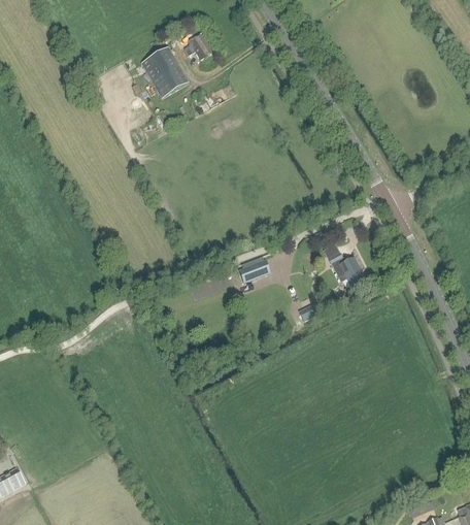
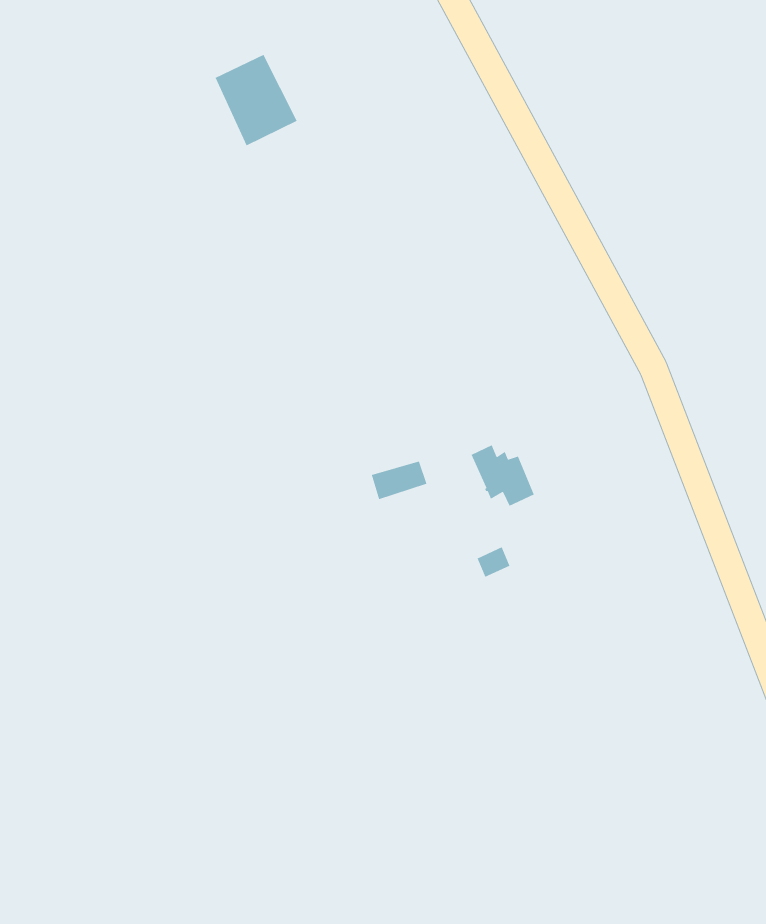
building: [184,32,211,59] -> none
building: [328,252,364,285] -> [471,444,535,507]

